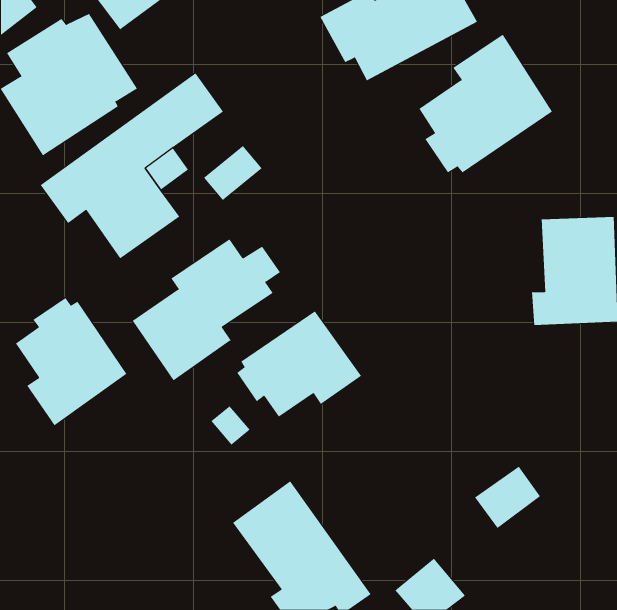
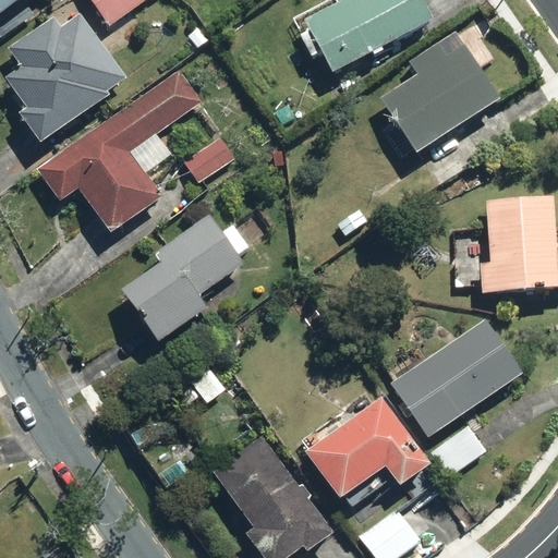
building: [15,297,127,426] -> none
building: [236,311,362,417] -> none
building: none -> [389,314,525,438]
building: none -> [303,395,432,501]

